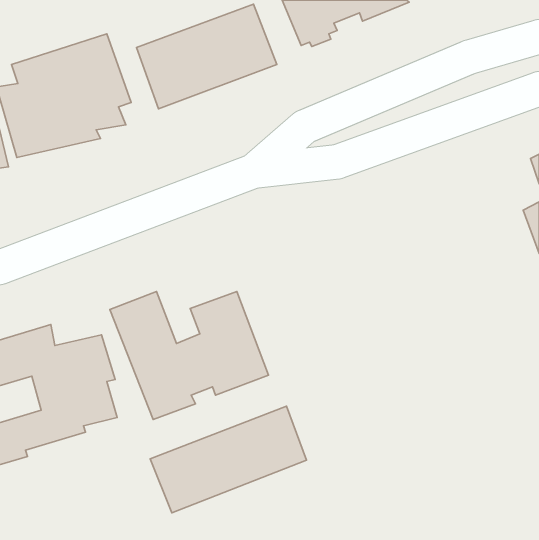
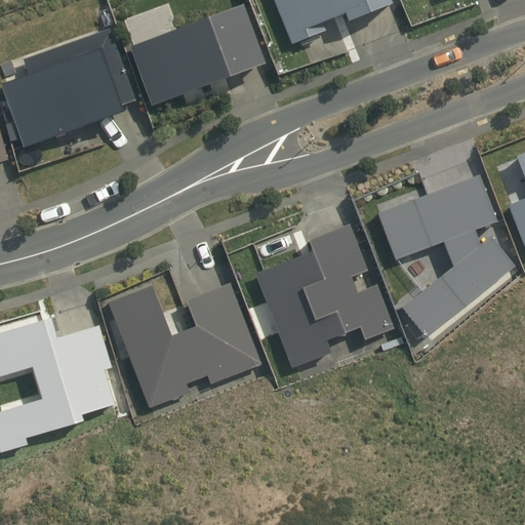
building: none -> [376,172,516,336]
building: none -> [252,223,394,367]
building: [150,406,306,513] -> none

